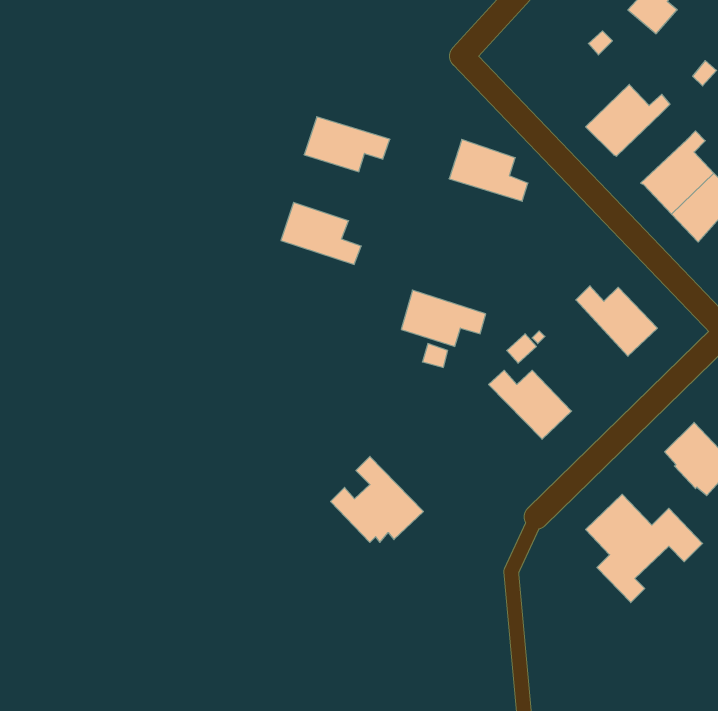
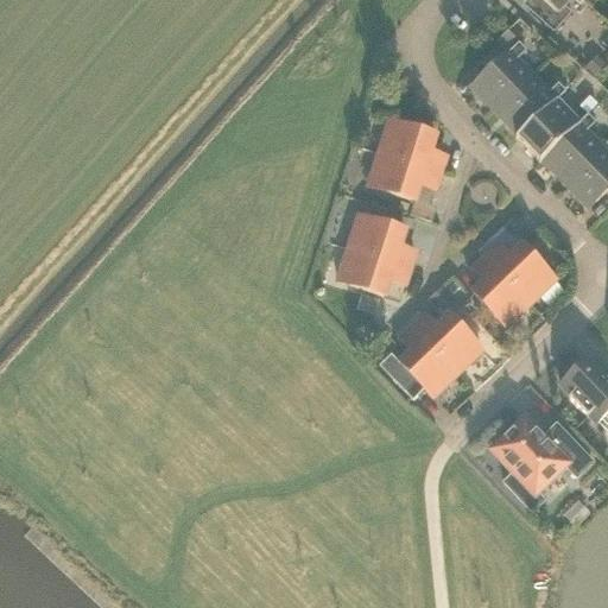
building: none -> [473,38,532,107]
building: none -> [517,95,581,159]
building: [304,117,390,172] -> [369,151,442,197]
building: [281,202,361,264] -> [349,213,417,265]
building: none -> [474,253,531,323]
building: [331,456,423,542] -> [380,324,458,397]

